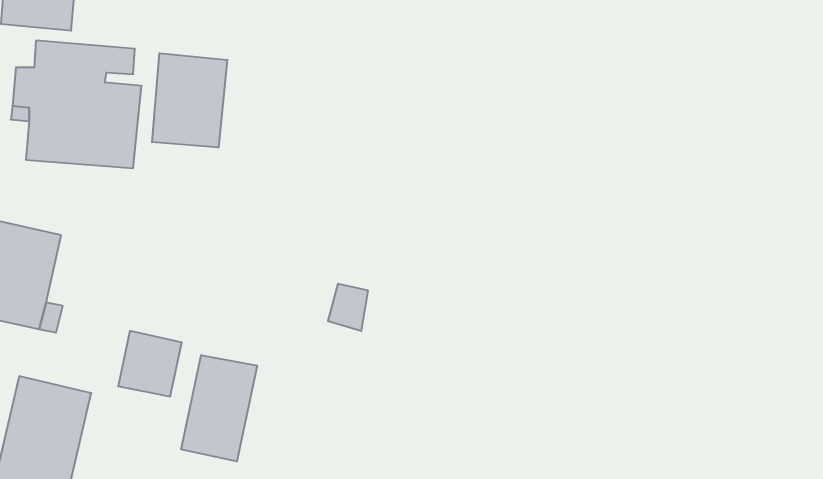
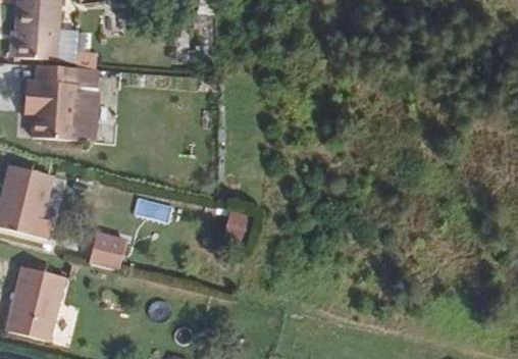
building: [152,53,227,148] -> none
building: [181,355,257,461] -> none

